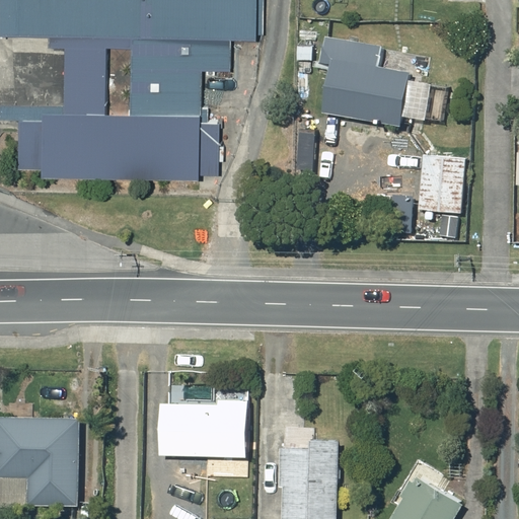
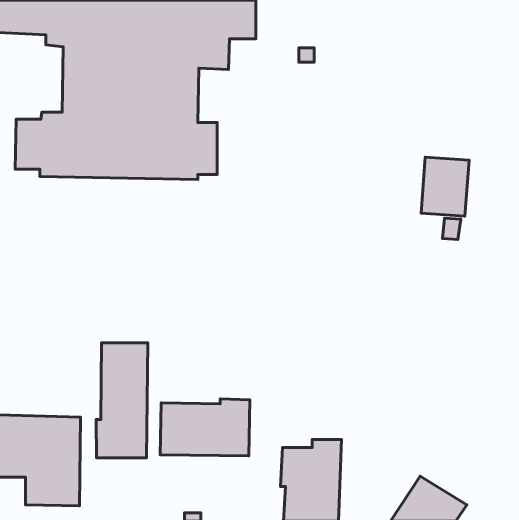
building: [319,39,411,130] -> none
building: none -> [96,343,148,458]

